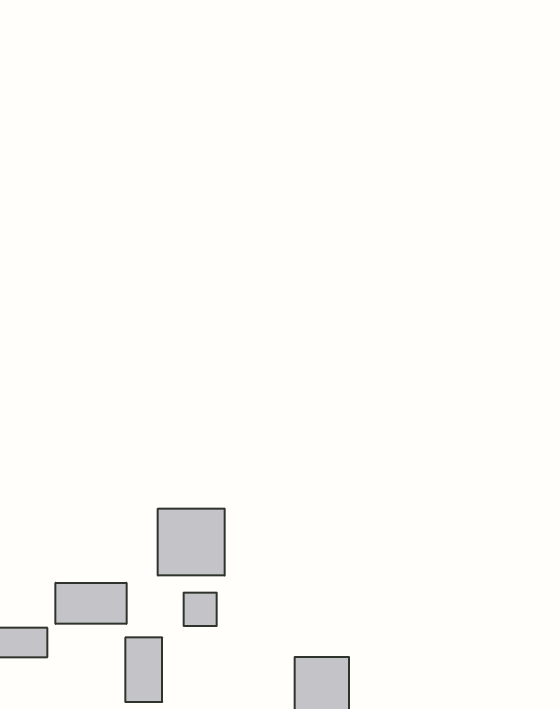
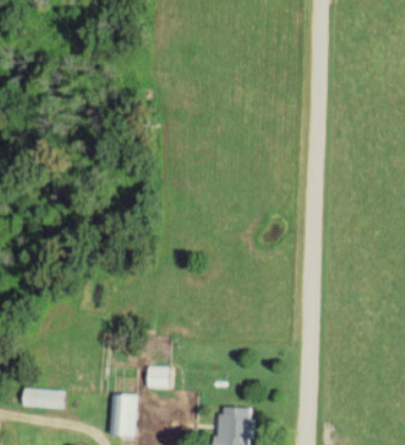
building: [158,509,225,576] -> none
building: [56,583,126,624] -> none

